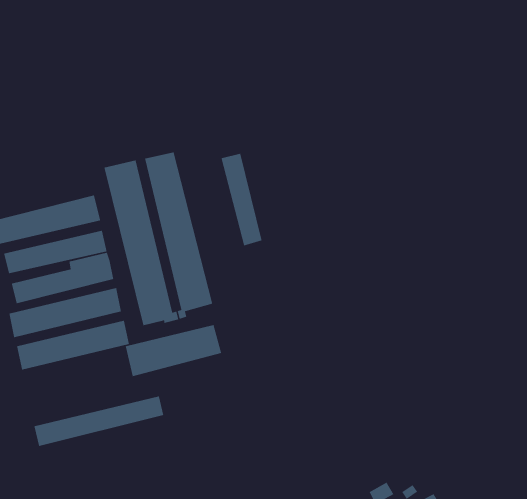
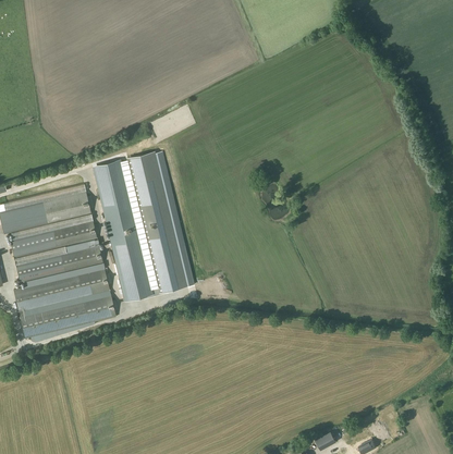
building: [220,153,263,246] -> none
building: [125,324,222,377] -> none
building: [33,395,164,447] -> none

